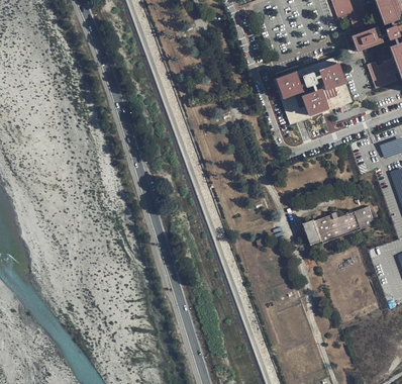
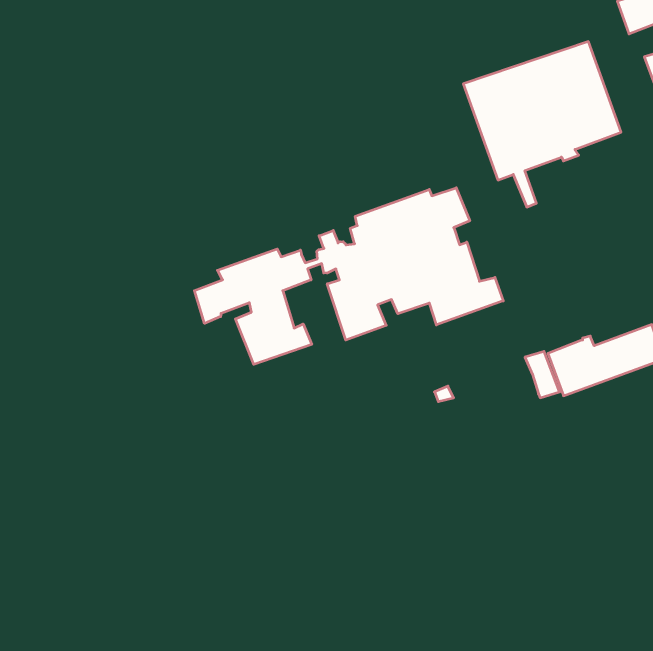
building: none -> [194,188,503,364]

